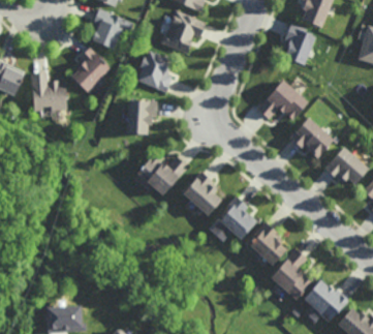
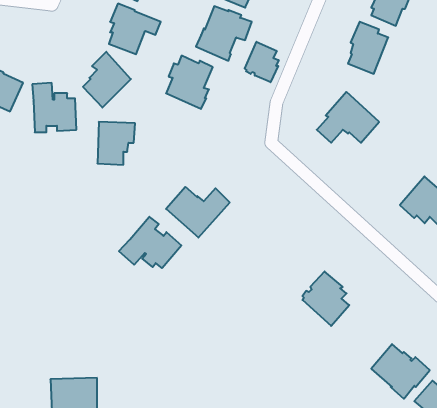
building: none -> [245,42,279,82]
building: [127,99,157,133] -> [97,122,135,165]
building: [290,117,332,157] -> none
building: [183,171,222,214] -> none
building: none -> [119,217,181,268]
building: [220,196,256,240] -> none
building: [268,248,309,300] -> none

